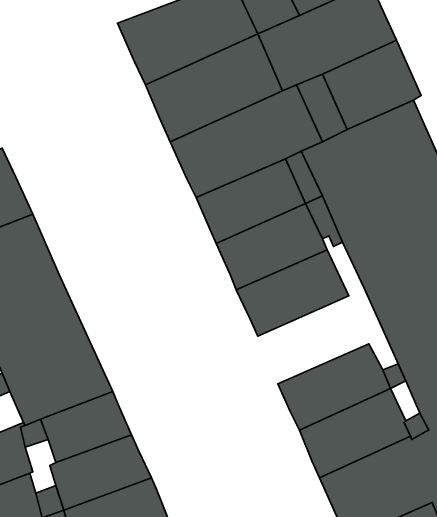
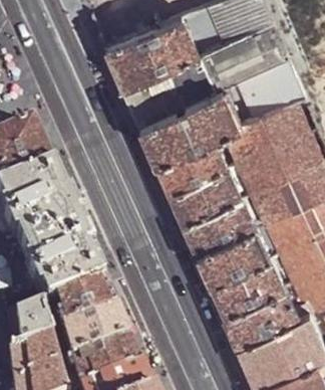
building: none -> [199,229,271,286]

